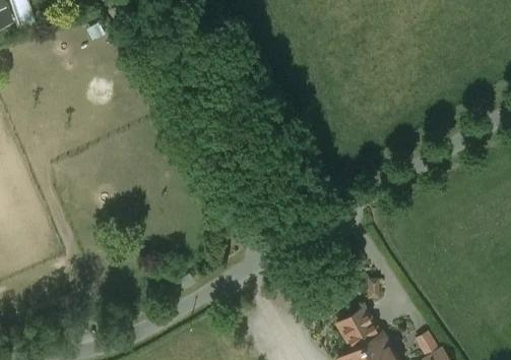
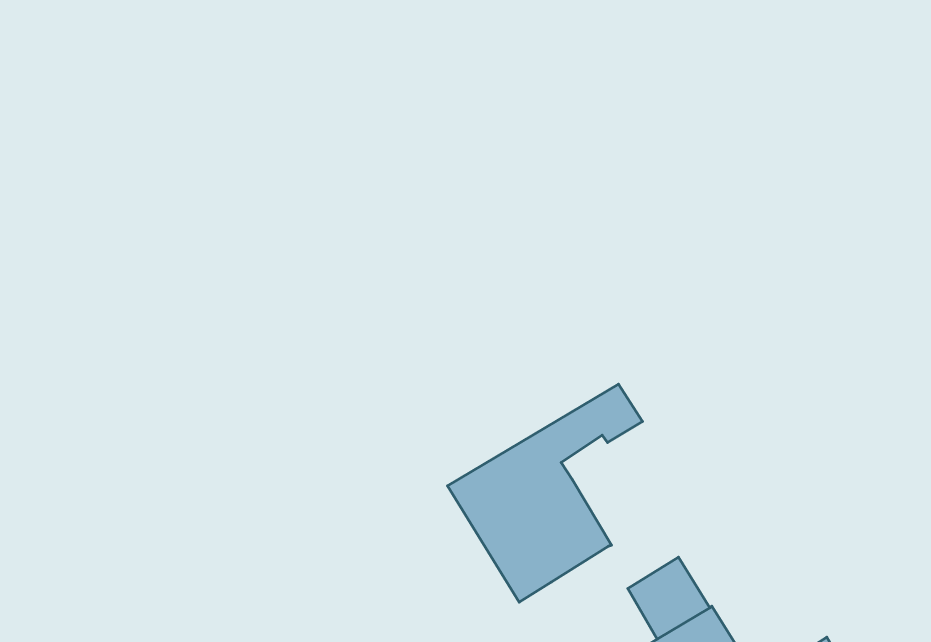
building: none -> [447,384,642,602]

